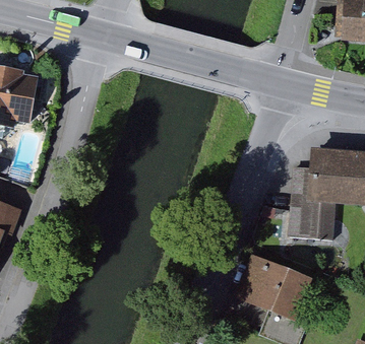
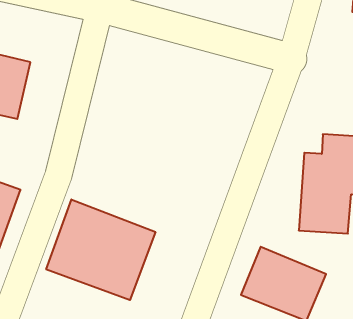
building: none -> [46,199,155,300]

